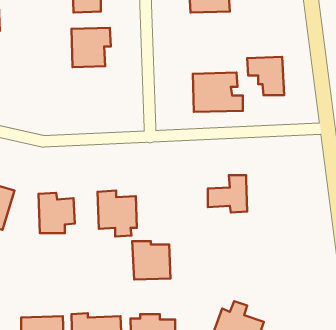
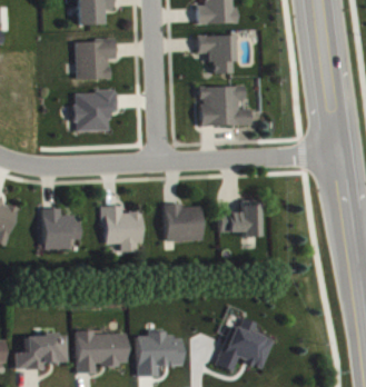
building: [247,57,284,95] -> [197,34,235,73]
building: none -> [73,91,116,131]
building: [132,241,170,279] -> [164,204,202,242]

